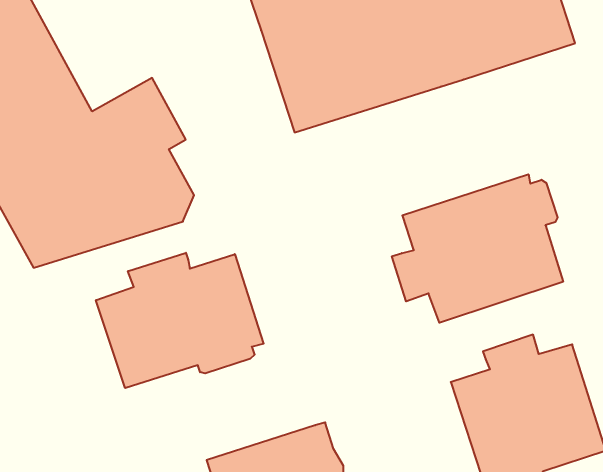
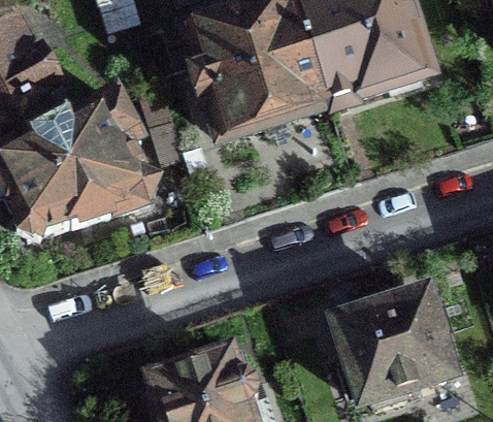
building: [392,174,563,323] -> none
building: [96,253,264,388] -> none

